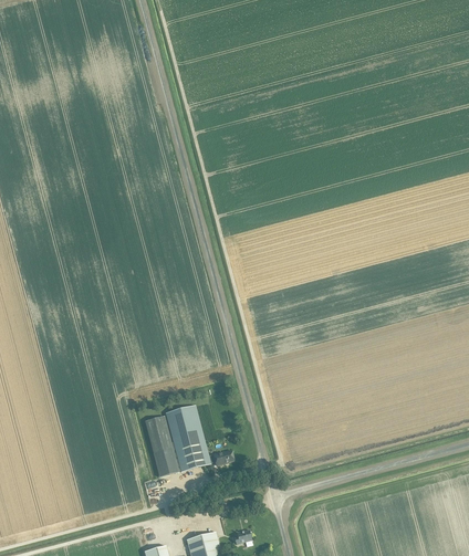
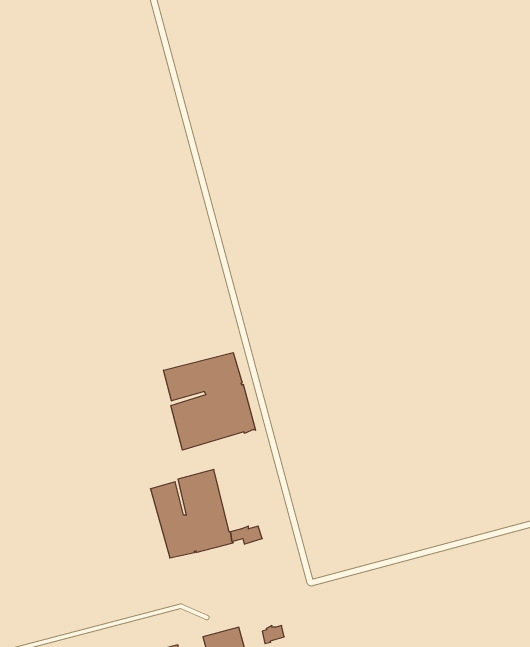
building: none -> [164,353,256,450]

